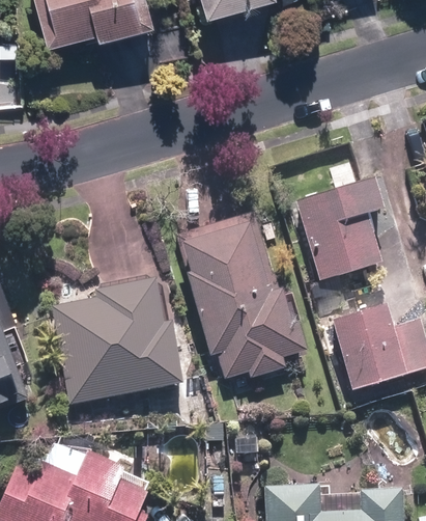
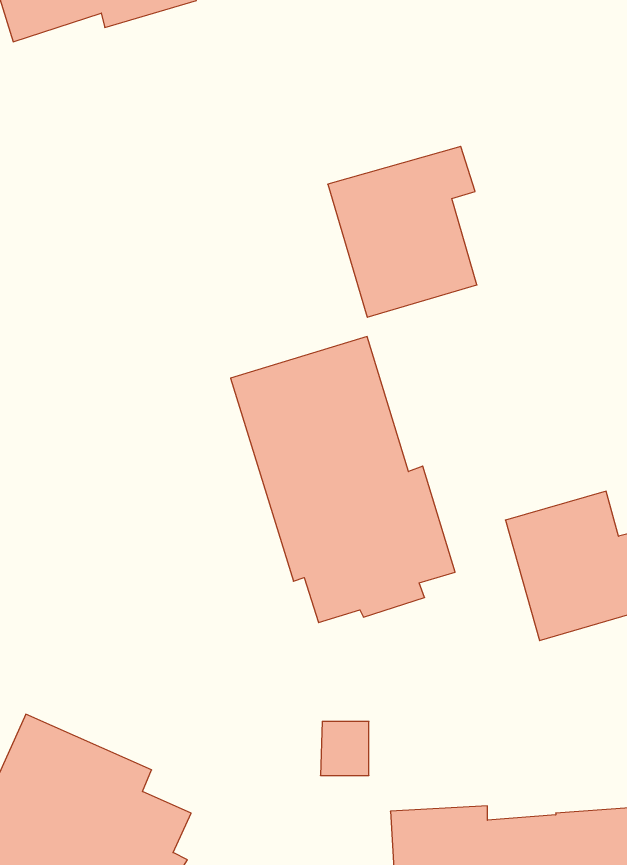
building: [296,181,382,279] -> [328,146,477,317]
building: [51,275,188,406] -> none

